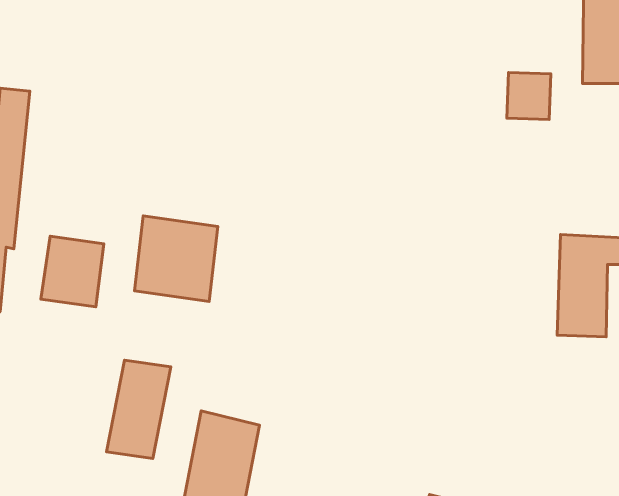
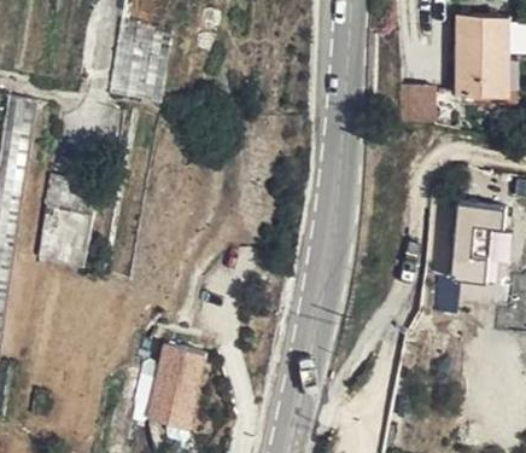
building: [135,216,218,302] -> none
building: [106,360,171,458] -> none

